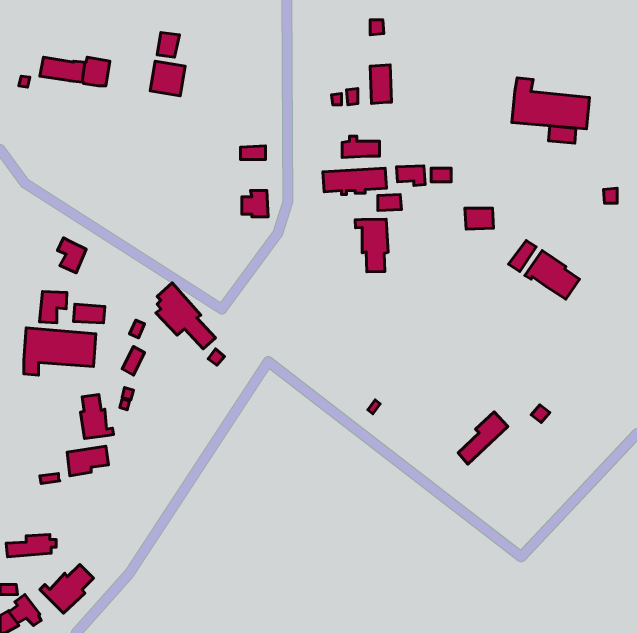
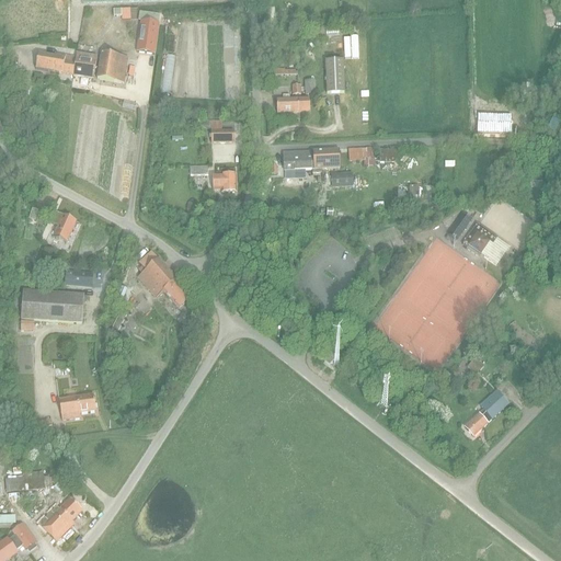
building: [150,61,185,96] -> [96,50,127,81]
building: [512,78,589,129] -> none
building: [342,136,379,158] -> [276,92,309,111]
building: [355,219,388,272] -> none
building: [40,292,67,323] -> none
building: [80,395,113,438] -> none
building: [458,412,508,464] -> [465,389,508,435]

